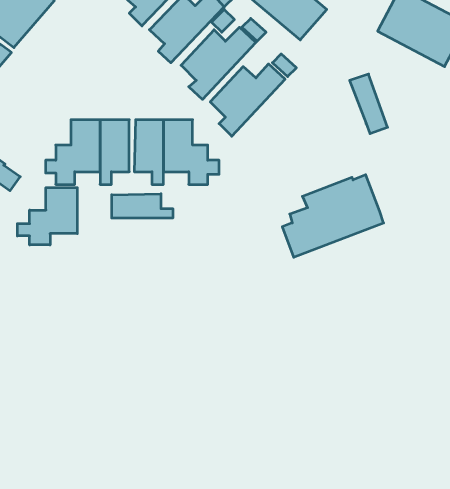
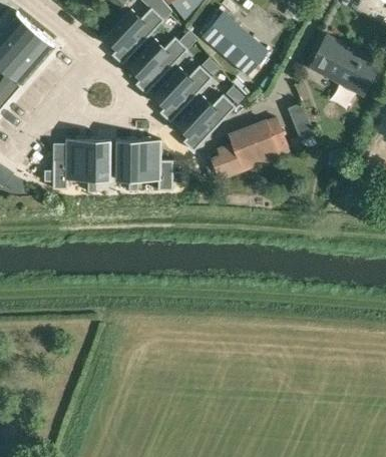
building: [282,175,384,257] -> [211,116,291,181]
building: [17,188,77,245] -> none
building: [112,194,173,218] -> none

